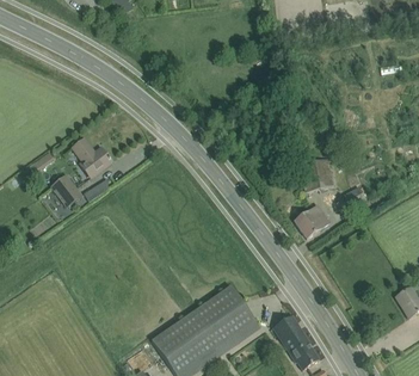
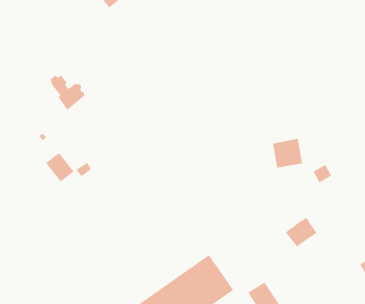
building: [72,137,111,178] -> [50,74,86,111]
building: [294,204,329,238] -> [285,217,317,247]

